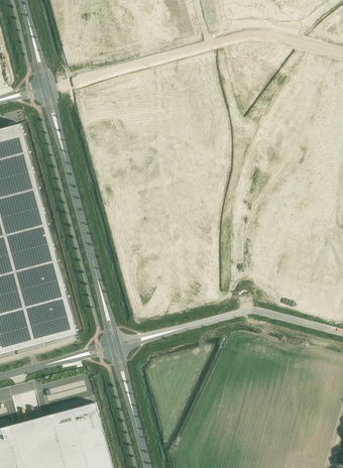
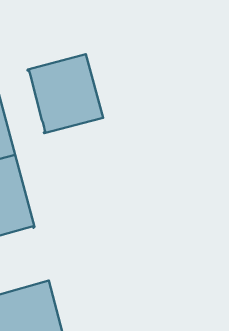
building: none -> [28,54,103,133]

